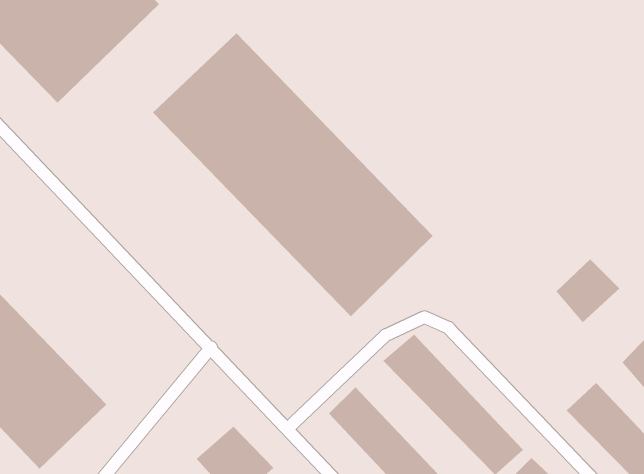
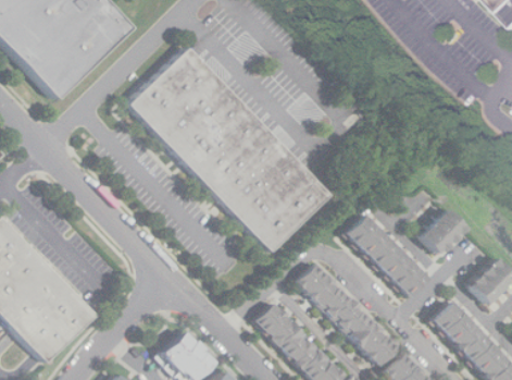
building: none -> [345,216,427,298]

